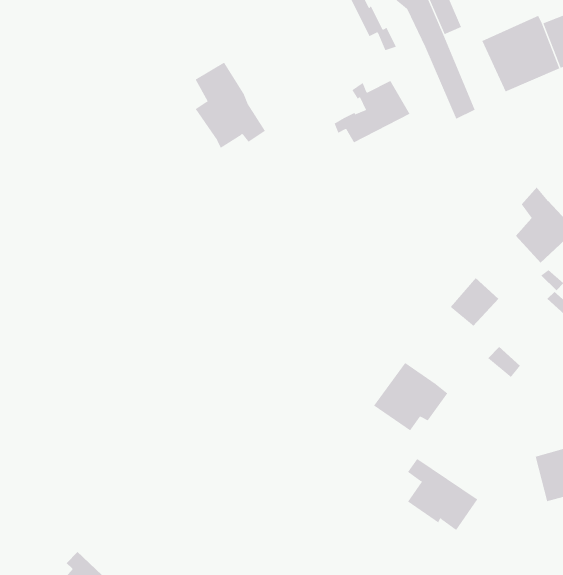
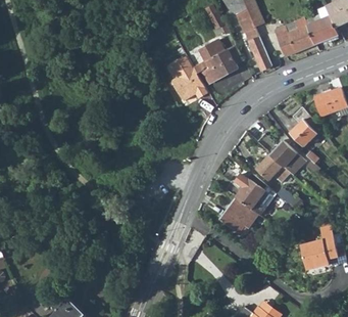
building: [195,62,266,149] -> [171,57,208,102]
building: none -> [258,137,304,174]
building: [407,458,478,531] -> [234,175,270,213]

